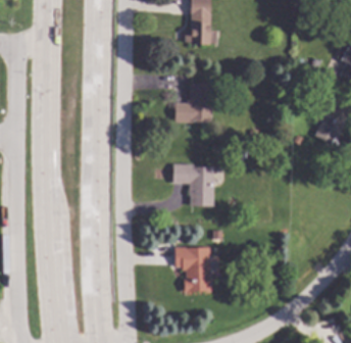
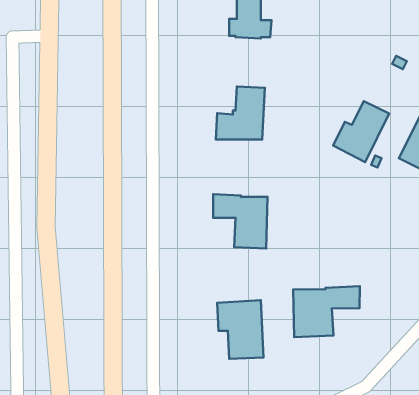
building: none -> [333,101,389,162]
building: none -> [293,286,360,337]

